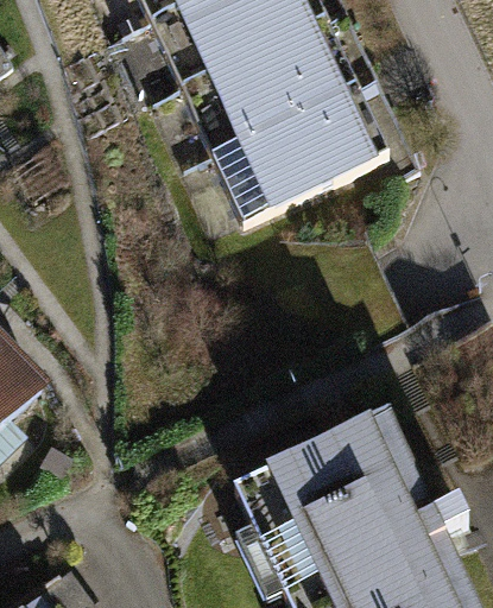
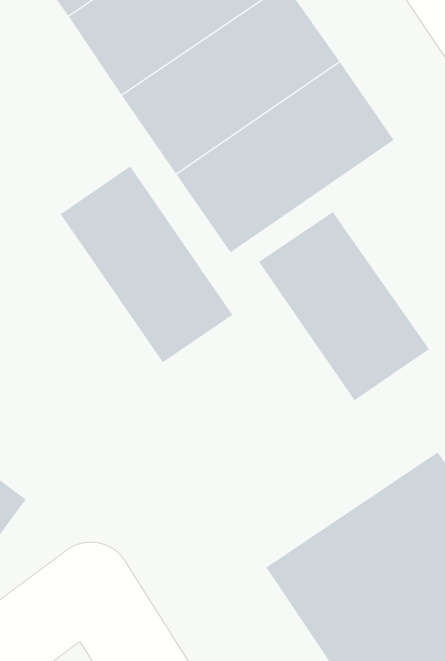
building: none -> [60,166,233,363]
building: none -> [258,211,430,401]

